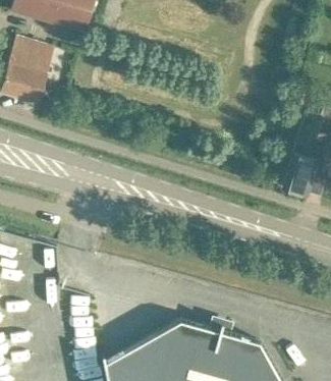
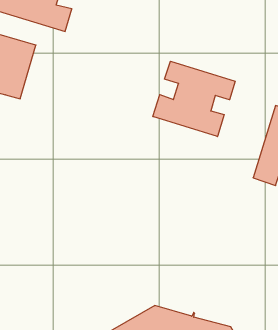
building: none -> [153,61,235,137]

